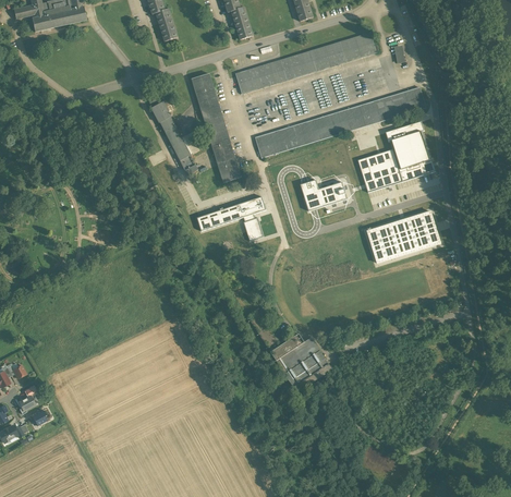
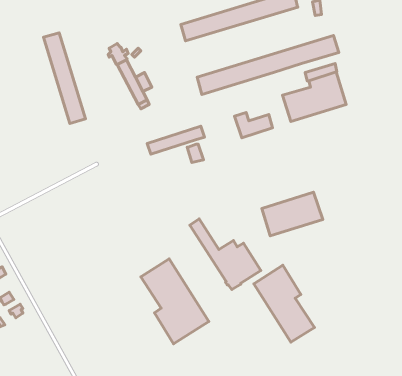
building: [191,73,241,182] -> [44,33,85,123]
building: [367,210,440,263] -> [262,192,323,236]
building: none -> [141,259,209,344]
building: none -> [254,265,314,342]

